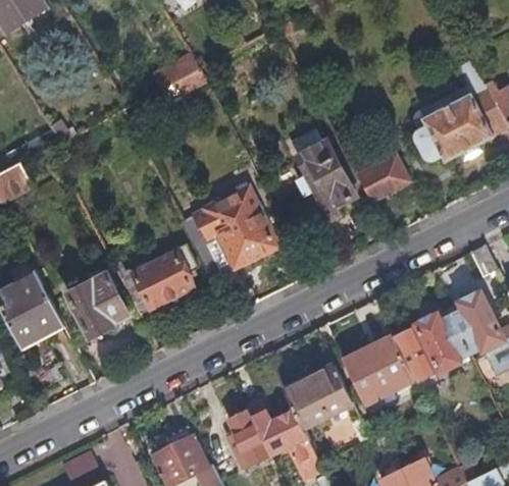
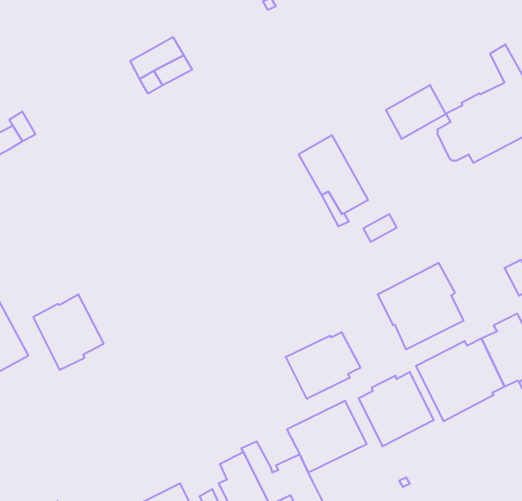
building: [356,155,407,201] -> [386,85,446,139]
building: [182,187,275,276] -> none
building: [117,244,198,316] -> none
building: none -> [378,263,463,349]
building: none -> [286,332,360,399]

